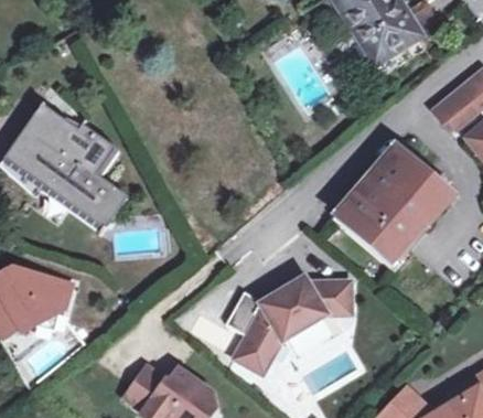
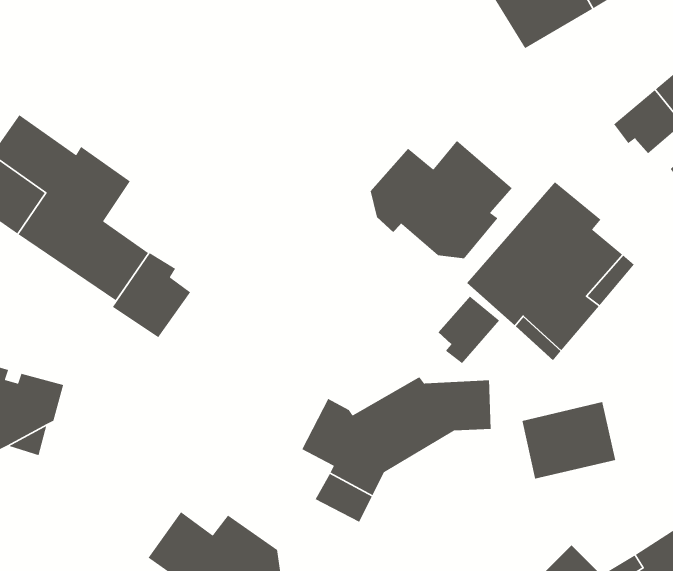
building: none -> [370,140,513,259]
building: none -> [112,252,191,338]
building: none -> [438,296,500,364]
building: none -> [521,401,616,480]

